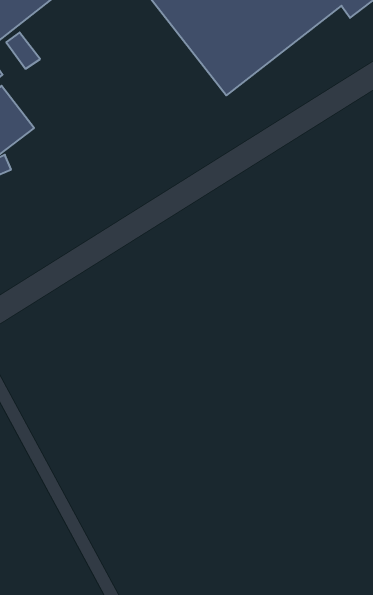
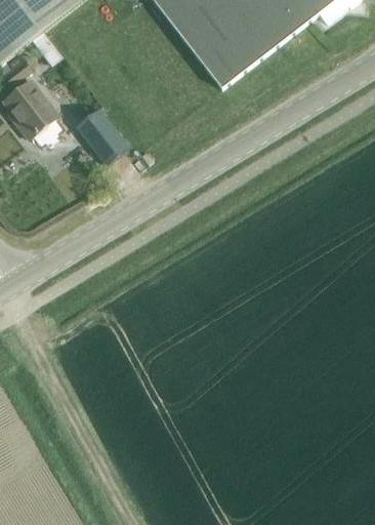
building: none -> [76,105,129,162]

